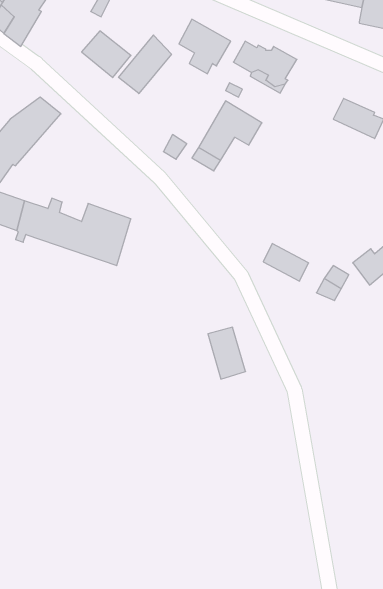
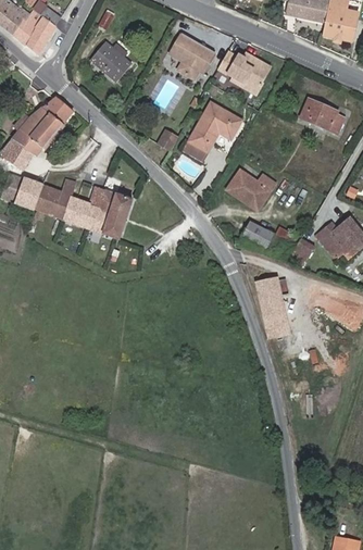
building: [119,35,171,94] -> none
building: none -> [226,170,276,209]
building: [208,327,246,379] -> [255,275,287,318]

